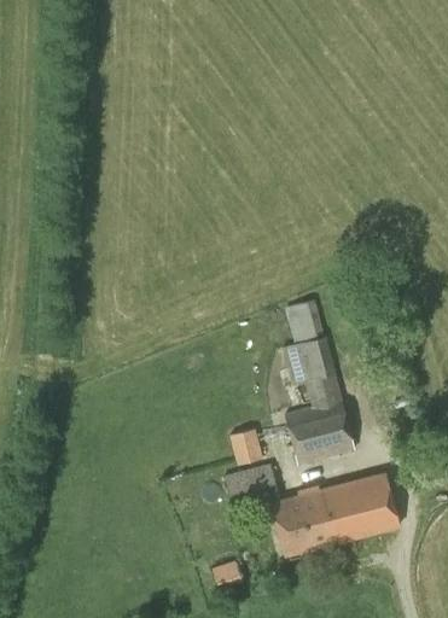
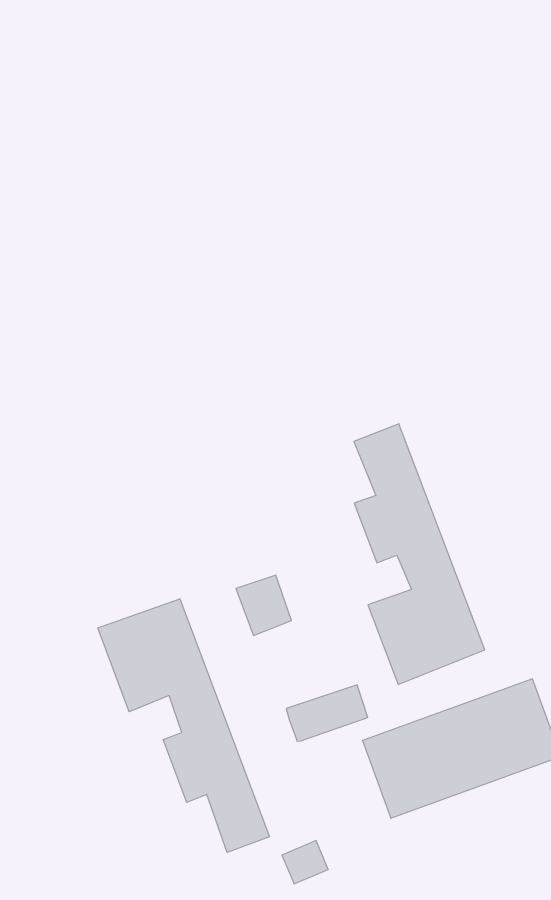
building: none -> [98,599,270,852]
building: [229,430,263,467] -> [236,575,291,636]

